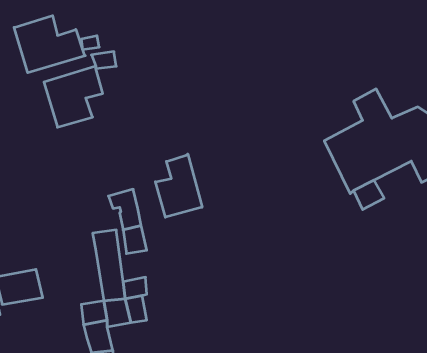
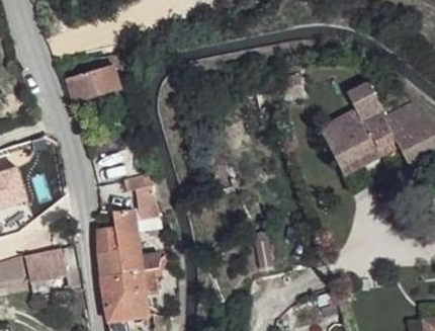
building: [14,16,85,73] -> none
building: [155,154,202,217] -> none
building: none -> [97,228,121,275]

